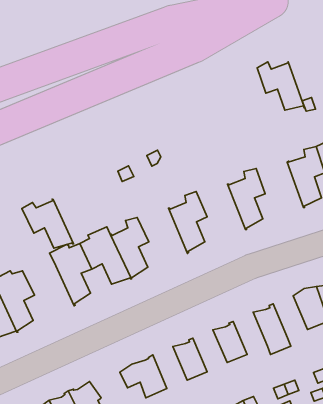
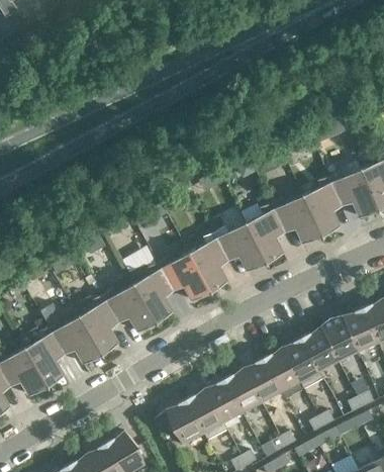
building: [257,62,304,110] -> [272,195,322,244]
building: none -> [214,222,267,272]
building: [22,199,73,248] -> [49,315,103,364]
building: none -> [158,252,211,301]
building: none -> [301,327,338,370]
building: none -> [263,348,299,390]
building: none -> [224,369,261,411]
building: none -> [186,389,226,440]

